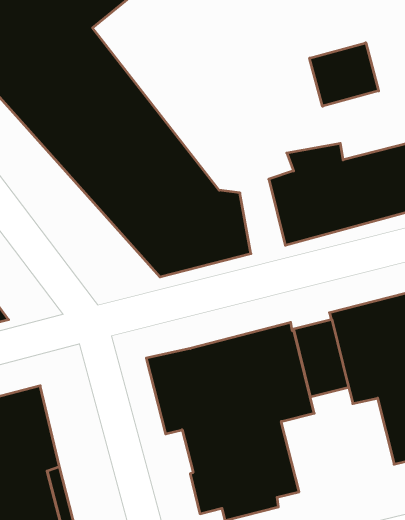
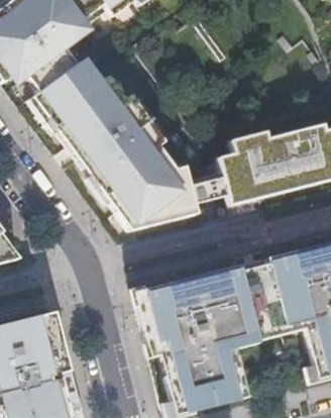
building: [310,43,379,106] -> none

